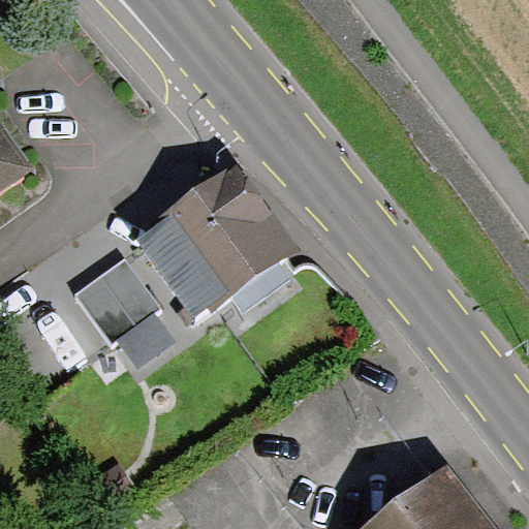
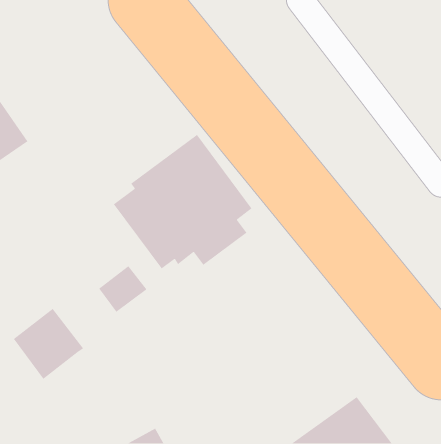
building: [75,261,160,347] -> [13,308,84,380]

